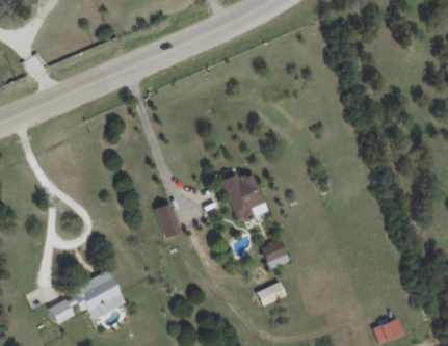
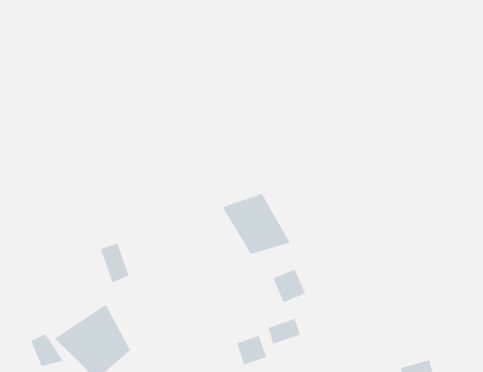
building: [154,203,180,238] -> [100,243,130,283]
building: none -> [236,335,267,365]

